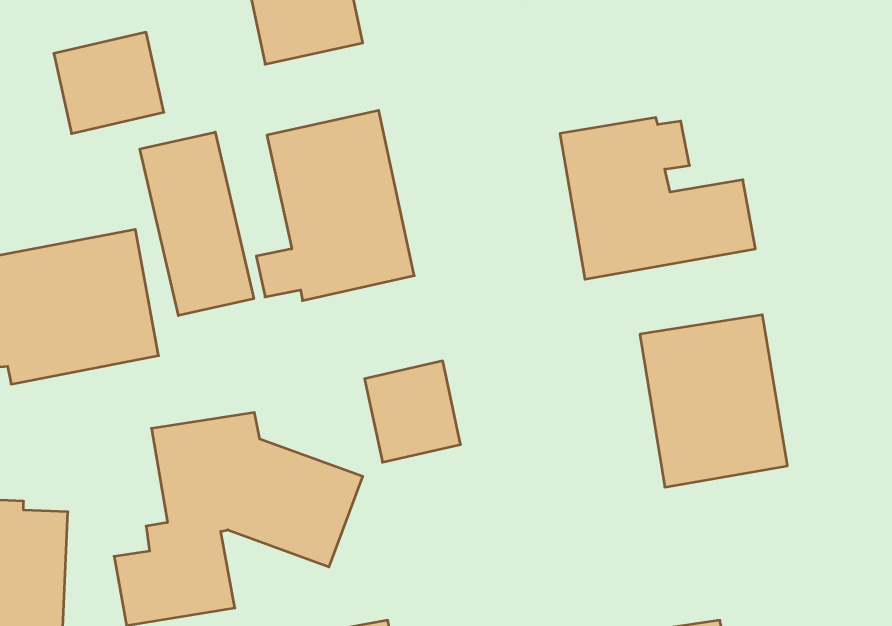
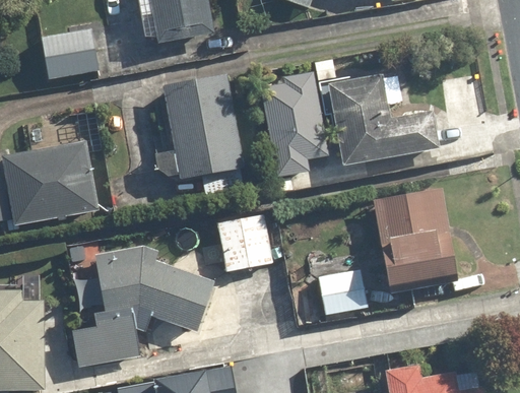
building: none -> [264,72,328,180]
building: [140,132,254,316] -> none
building: none -> [317,274,366,315]

